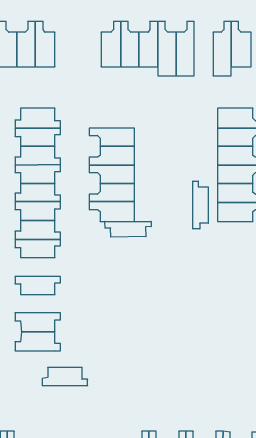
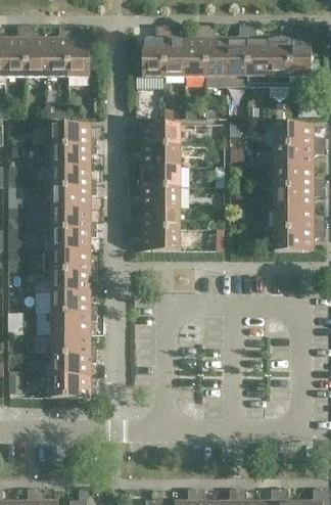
building: none -> [246,26,268,87]
building: none -> [128,124,179,146]
building: [193,181,208,229] -> none
building: [105,221,151,237] -> none
building: none -> [44,292,95,314]
building: [42,367,88,386] -> [44,334,95,355]

